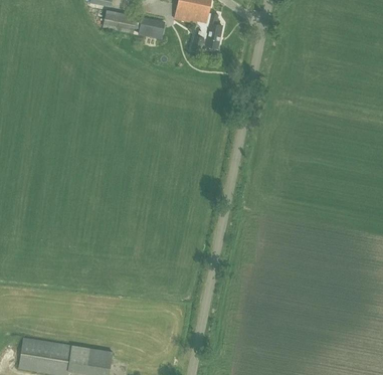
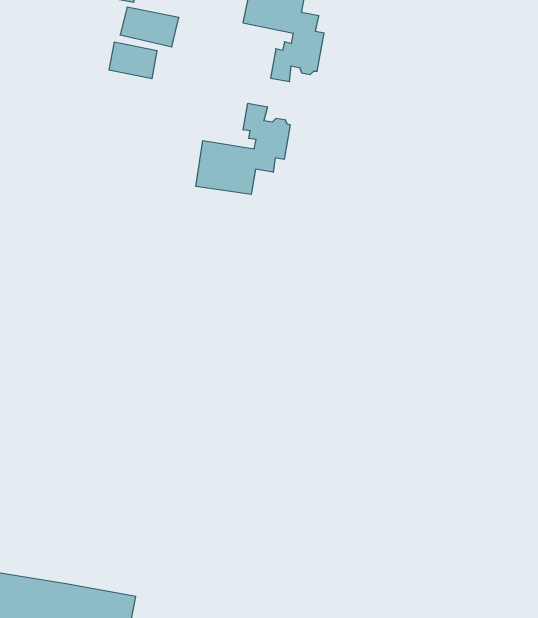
building: [137,17,165,38] -> [109,42,157,79]
building: none -> [196,103,290,194]

